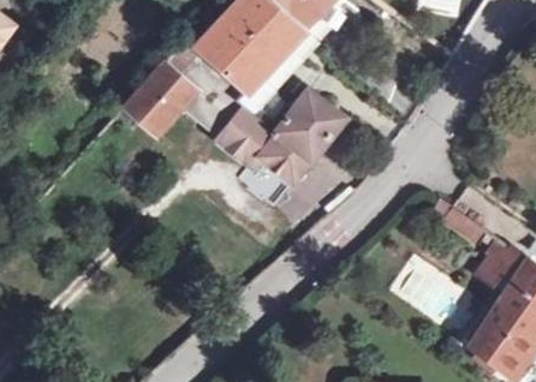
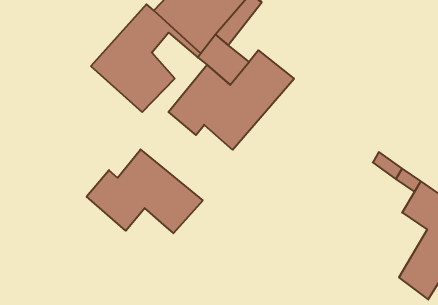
building: none -> [87,149,203,233]

